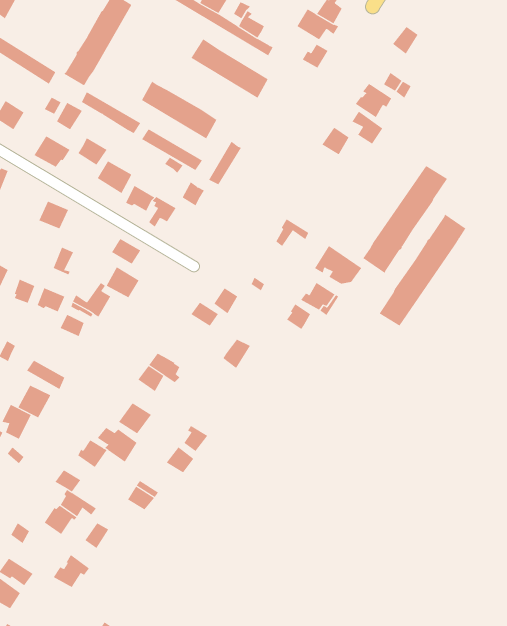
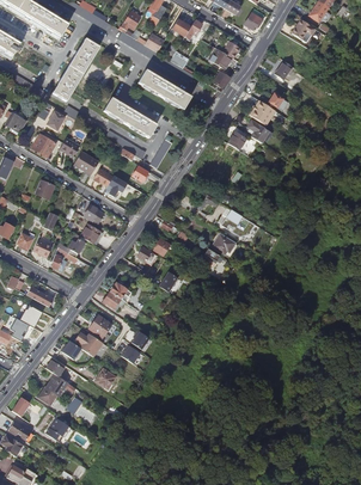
building: [362,165,448,274] -> none
building: [379,214,466,326] -> none

